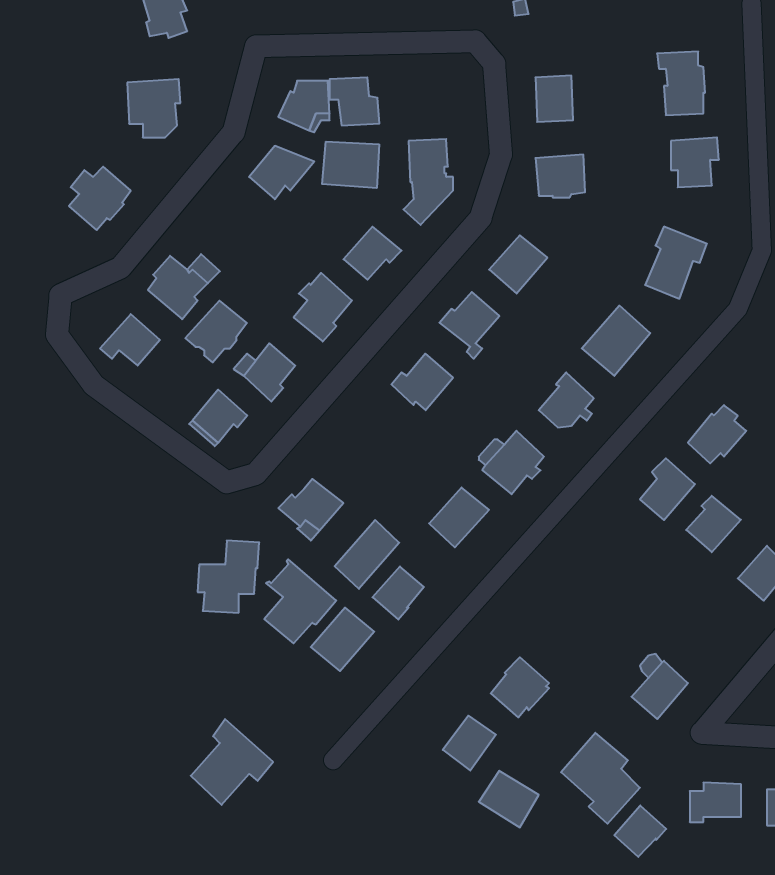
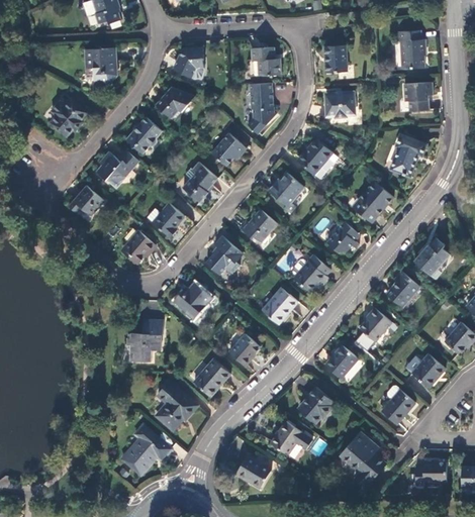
building: [330,77,379,125] -> [252,47,281,76]
building: [322,142,379,188] -> none
building: [185,301,247,362] -> [125,117,162,153]
building: none -> [206,236,242,274]
building: [686,496,741,552] -> [359,308,391,341]
building: [335,520,399,589] -> none
building: [264,559,336,643] -> [155,381,197,430]
building: none -> [324,345,357,379]
building: none -> [411,354,445,387]
building: [479,771,539,827] -> [234,455,270,489]
building: [614,805,666,857] -> none

